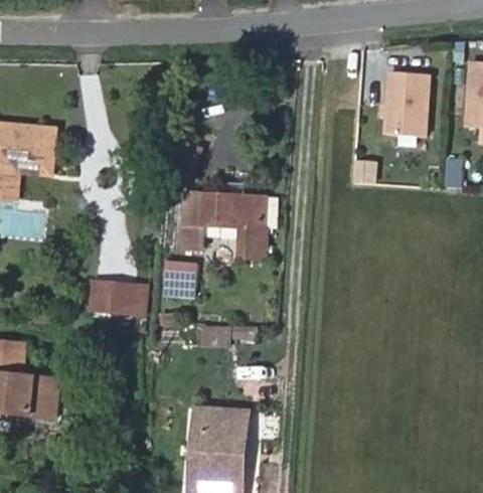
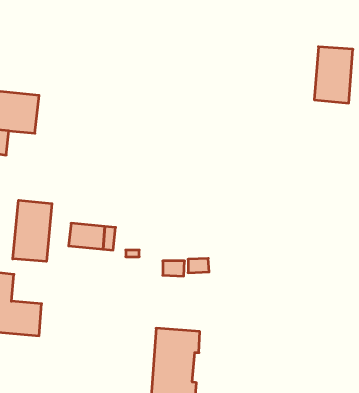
building: [183,182,266,258] -> none
building: none -> [13,200,52,261]
building: [162,263,197,297] -> none

